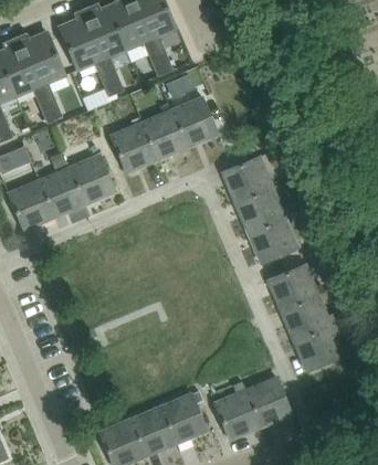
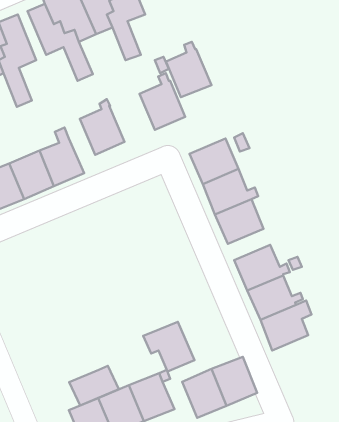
building: [140,103,187,159] -> [166,42,211,97]
building: none -> [143,322,194,371]
building: none -> [69,366,119,406]

